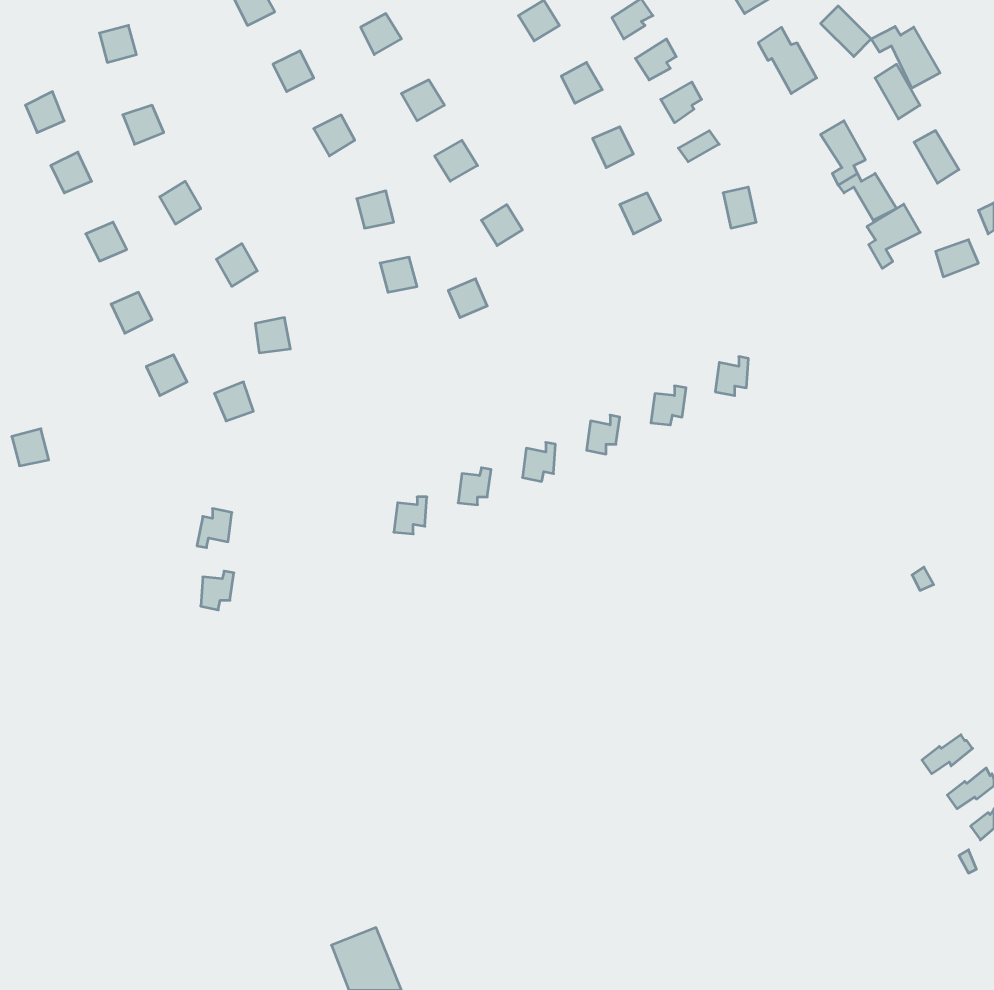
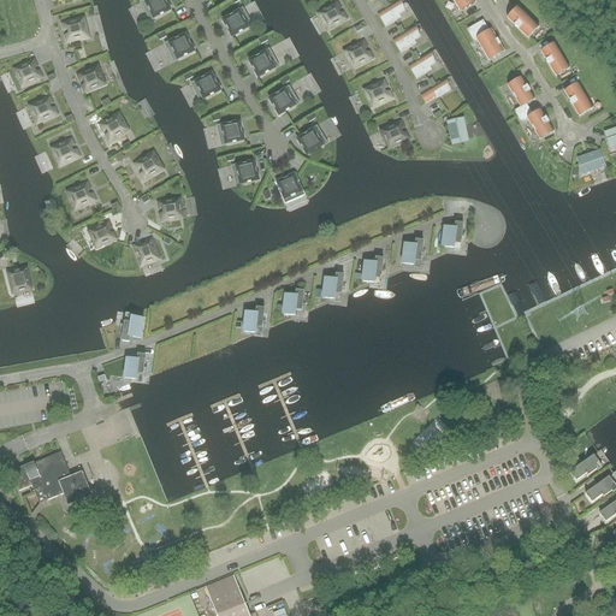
building: [871,26,940,88] -> none
building: [867,204,920,268] -> none
building: none -> [11,449,88,500]

